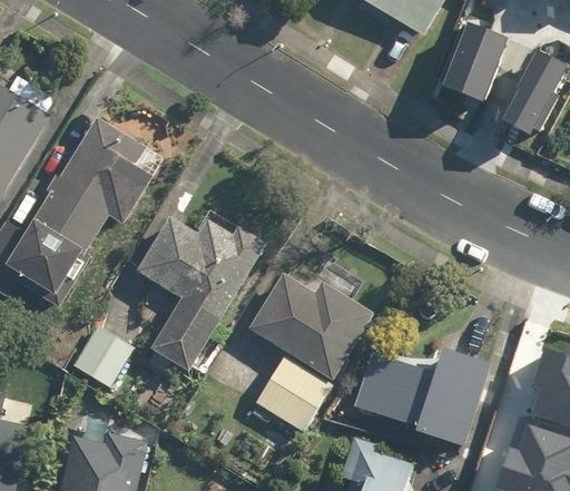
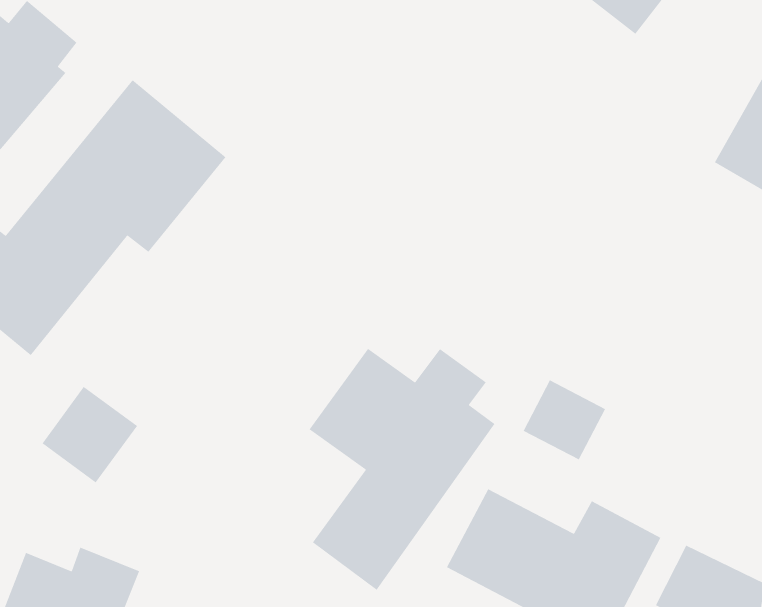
building: [430,18,500,99] -> none
building: [136,209,265,370] -> none
building: none -> [523,379,606,461]

